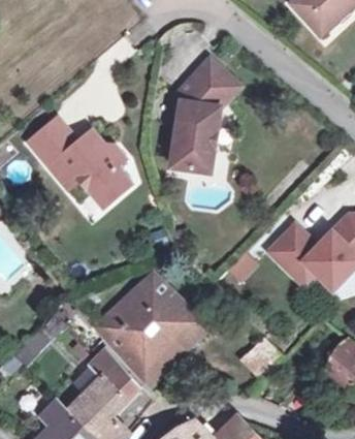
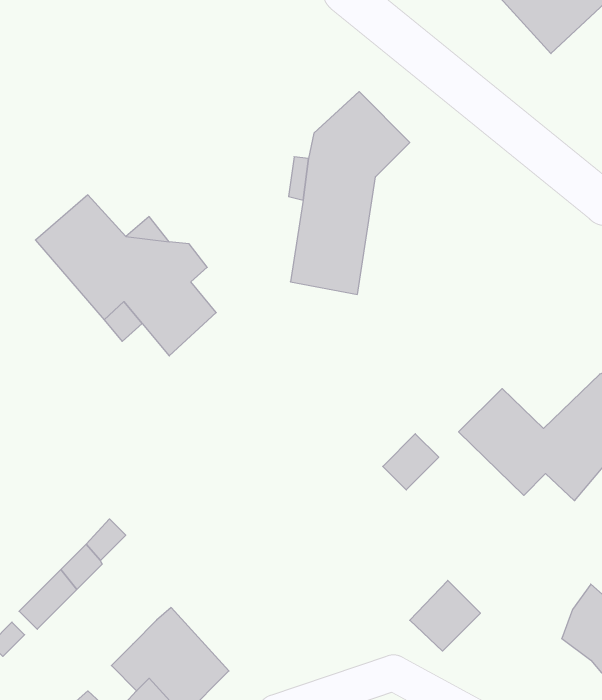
building: [94,277,200,382] -> none

